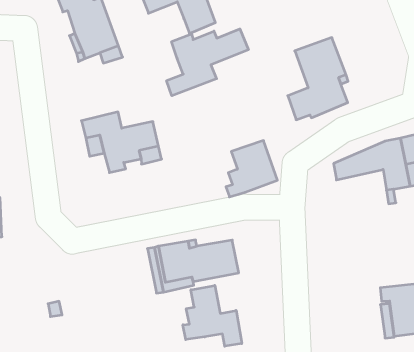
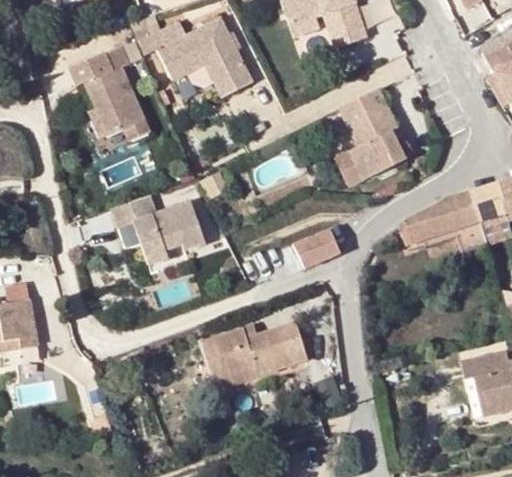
building: [167,29,248,96] -> none
building: [183,285,242,346] -> none

